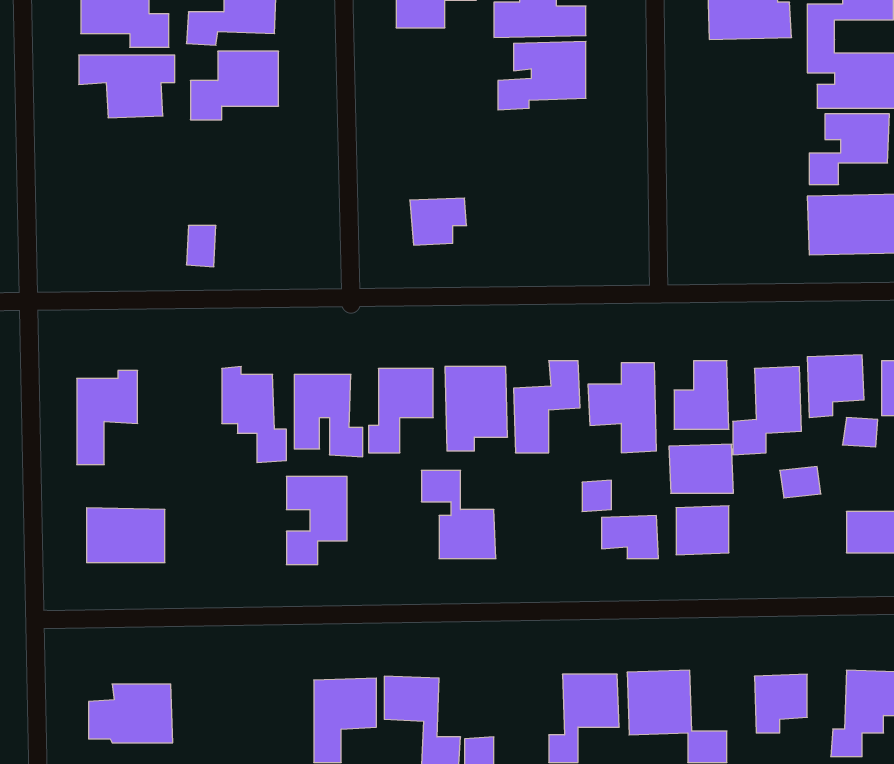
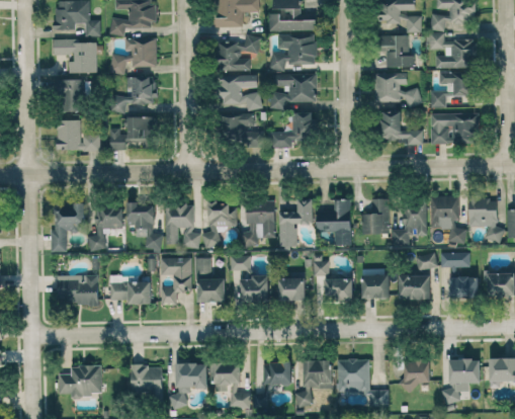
building: none -> [218,35,260,71]
building: none -> [378,35,414,67]
building: none -> [268,72,317,109]
building: none -> [375,72,420,104]
building: none -> [219,75,261,111]
building: none -> [113,77,156,112]
building: none -> [59,80,91,111]
building: none -> [377,111,423,143]
building: none -> [275,112,315,148]
building: none -> [127,116,154,139]
building: none -> [57,119,100,151]
building: none -> [88,205,123,250]
building: [669,444,733,493] -> [399,274,432,300]
building: none -> [440,252,470,267]
building: none -> [195,257,226,302]
building: none -> [109,275,151,304]
building: none -> [279,277,306,301]
building: none -> [263,361,292,385]
building: none -> [131,364,162,396]

